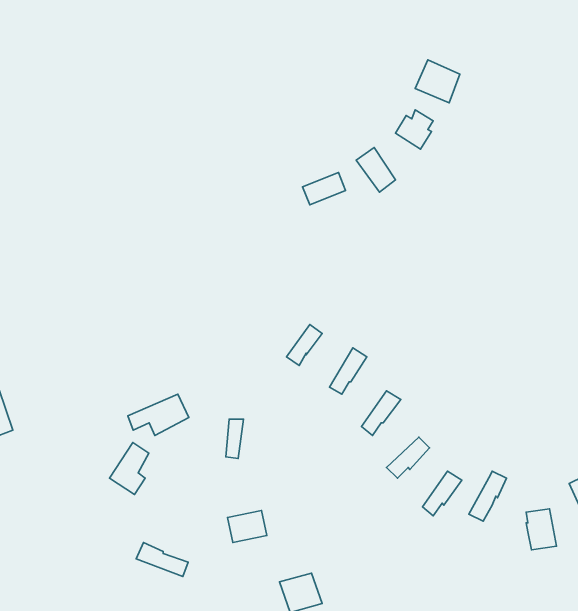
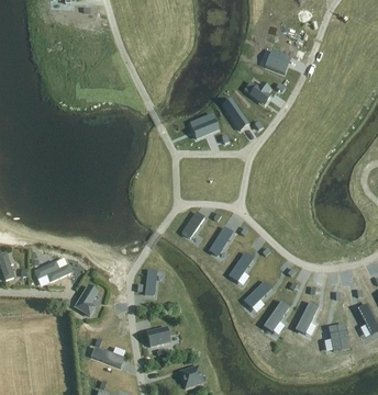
building: [128,394,189,435] -> [34,257,71,282]

